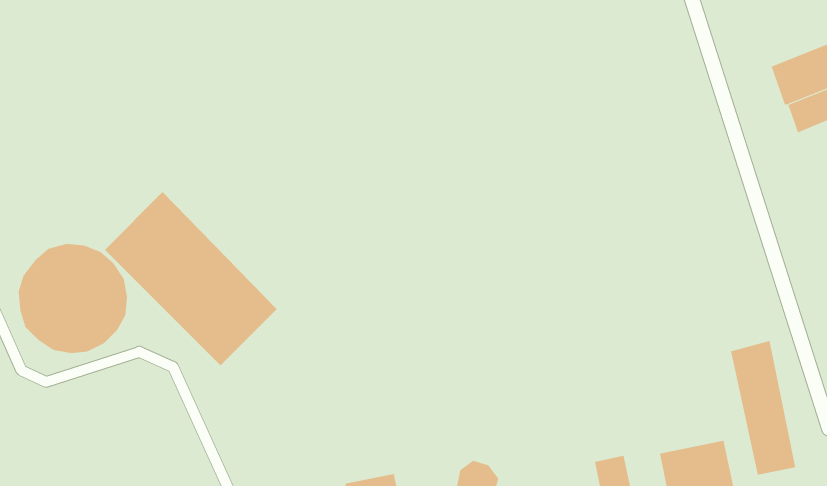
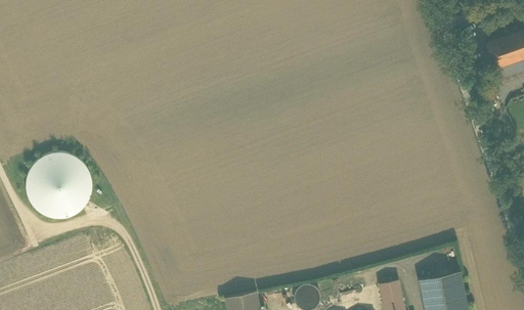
building: [104,191,278,366] -> none
building: [730,340,796,475] -> none

